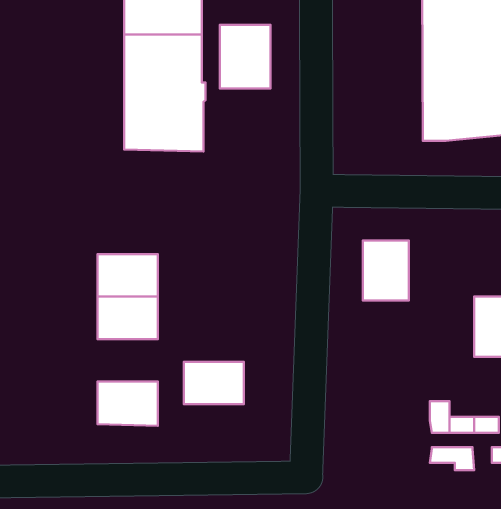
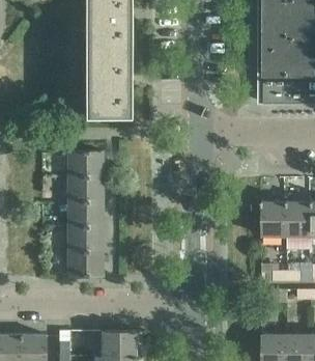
building: [220,25,271,89] -> none
building: none -> [68,150,104,176]
building: [363,240,409,301] -> [262,201,289,237]
building: [184,362,244,404] -> [68,226,104,251]

